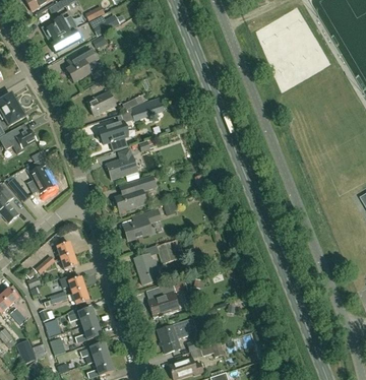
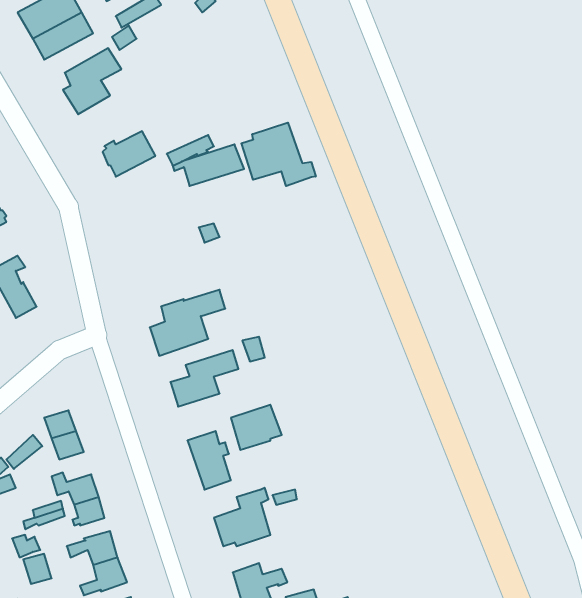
building: none -> [241,123,316,186]
building: [98,121,126,143] -> none
building: [106,148,135,180] -> none

